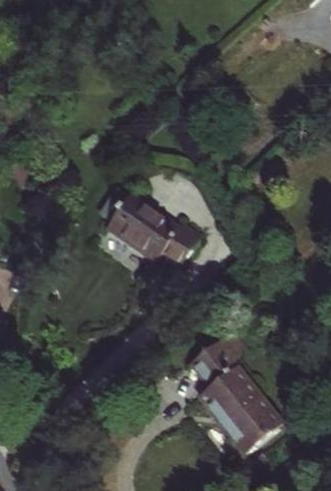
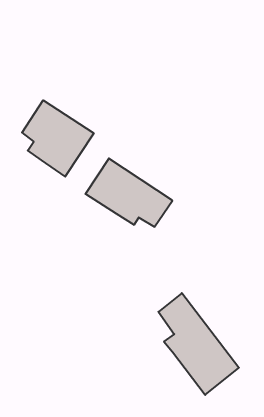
building: none -> [22,100,94,177]

